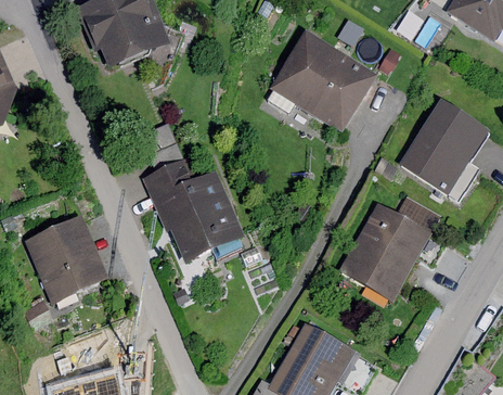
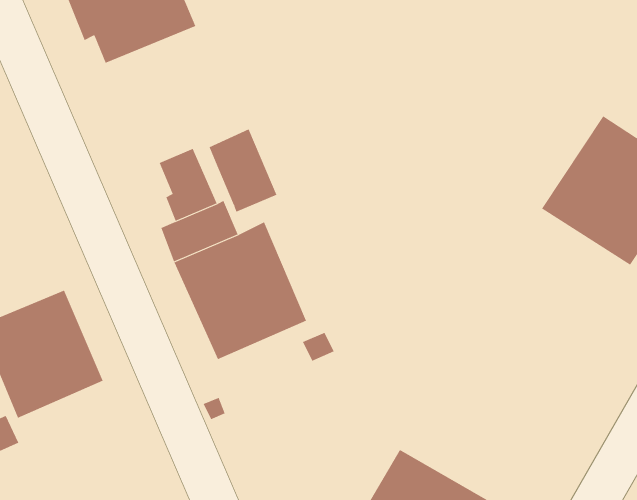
building: [272,33,378,137] -> none
building: none -> [209,128,277,212]
building: [339,203,430,300] -> none

